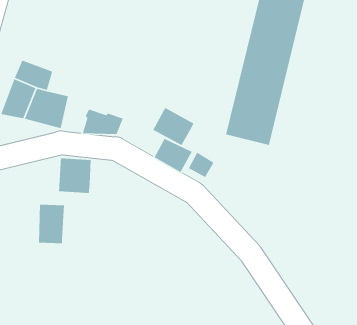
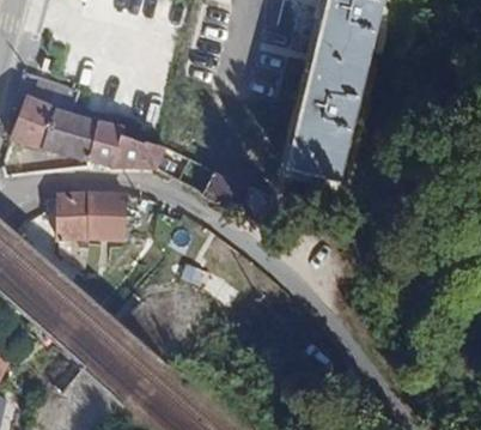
building: none -> [86,120,121,166]
building: [152,107,195,146] -> none
building: [38,204,65,244] -> [53,194,85,243]

